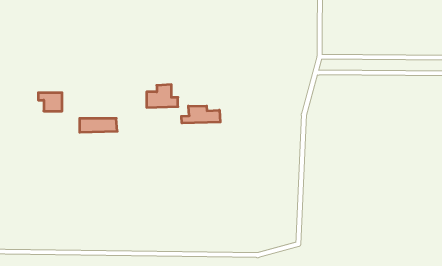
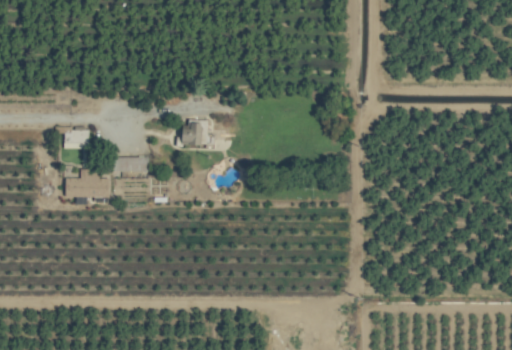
building: [181,106,220,123] -> none
building: none -> [64,171,109,197]

